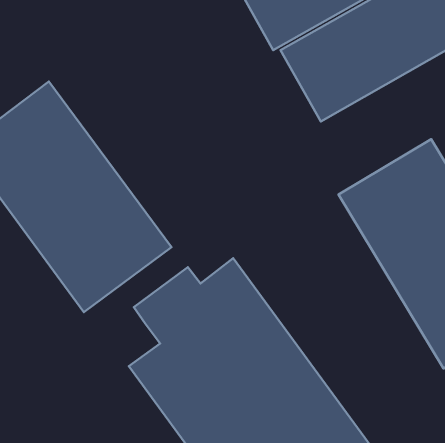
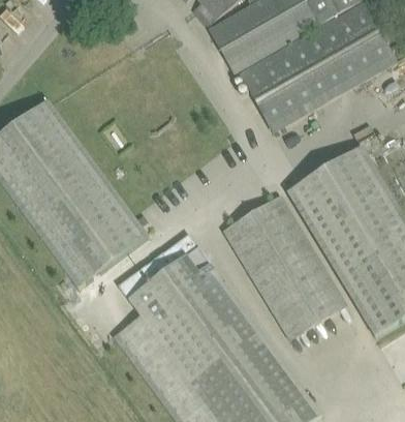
building: none -> [222,194,348,339]

